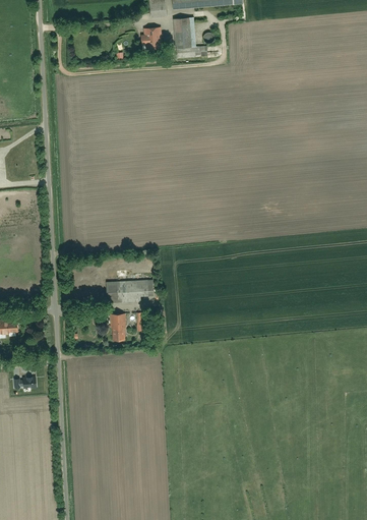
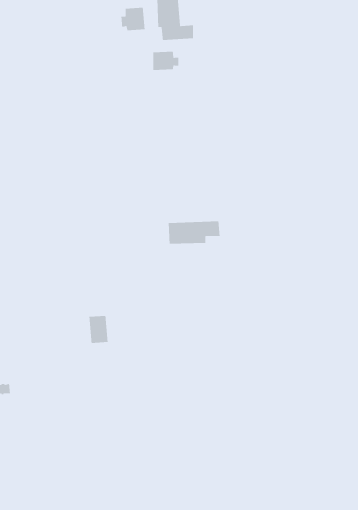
building: none -> [152,51,179,71]
building: [104,279,152,301] -> [168,220,220,244]

